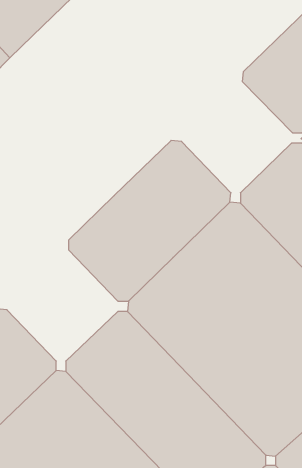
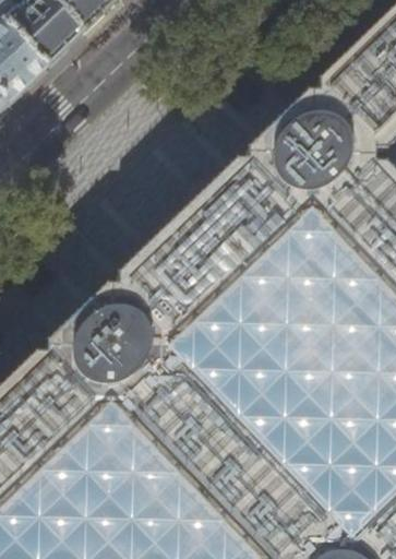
building: none -> [226,114,353,241]
building: none -> [25,307,153,435]

